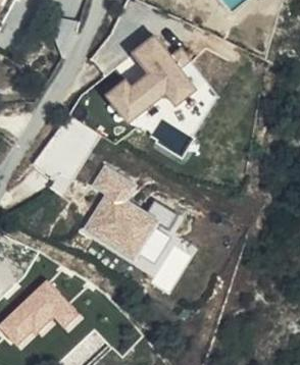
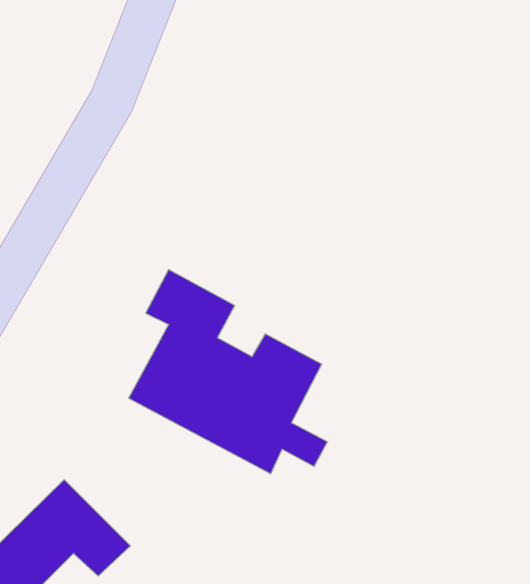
building: [105,34,195,124] -> none

